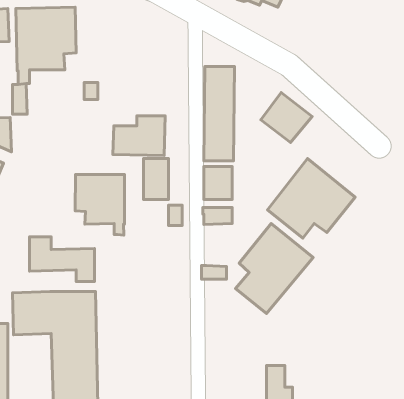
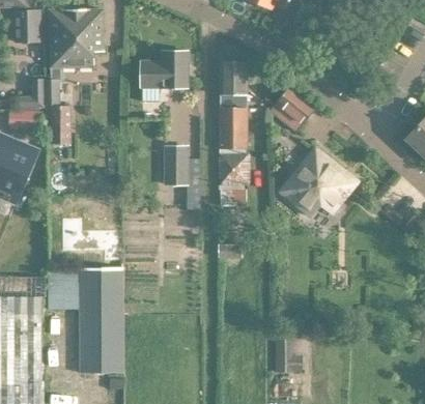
building: none -> [51,107,70,144]
building: [113,116,165,156] -> [141,52,189,88]
building: [75,174,124,235] -> none
building: [236,224,313,313] -> none

